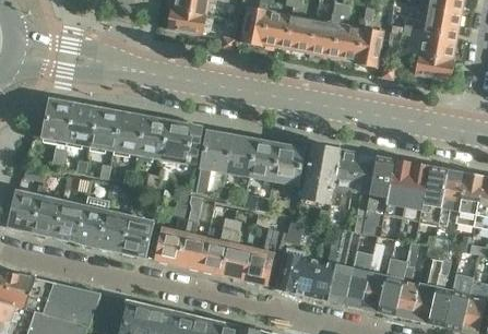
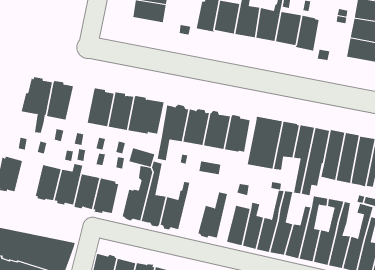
building: [92,106,123,151] -> none
building: [33,194,64,236] -> none
building: [222,219,252,281] -> none

